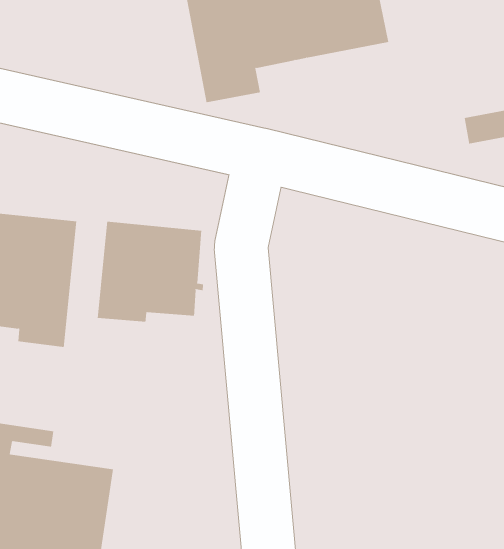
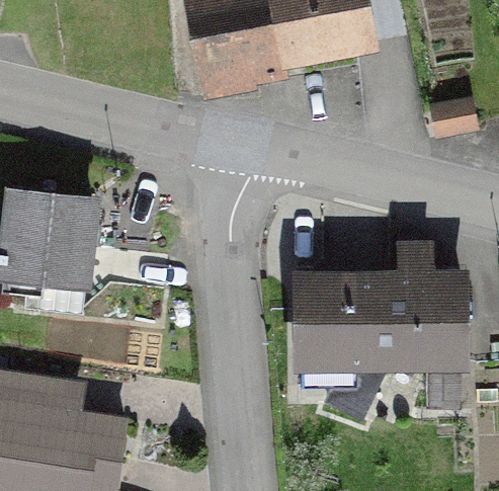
building: [97,221,204,323] -> none
building: none -> [302,247,464,414]

